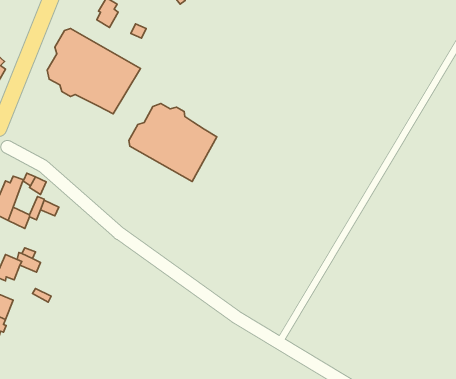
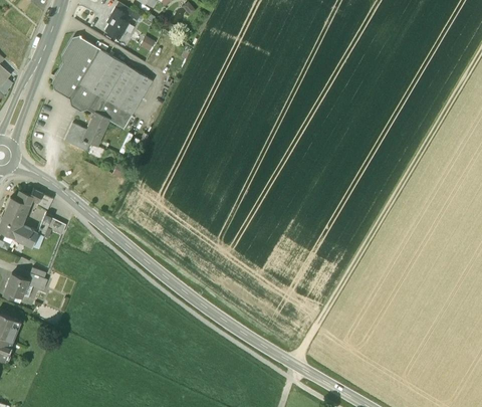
building: none -> [64,113,107,151]
building: [129,103,217,182] -> none

